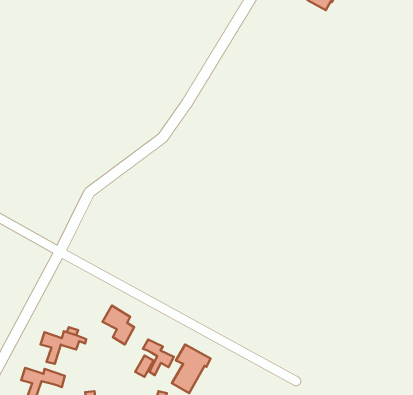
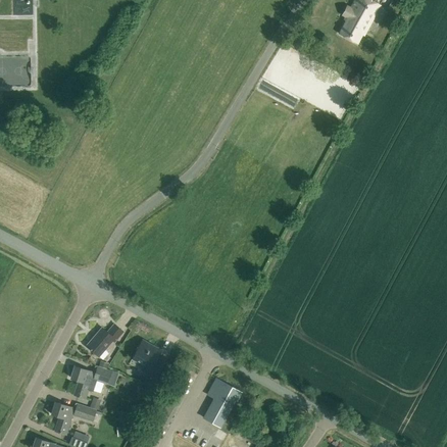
building: none -> [86,325,122,356]
building: [143,340,174,375] -> none

